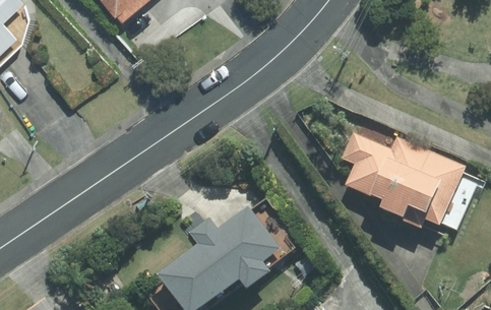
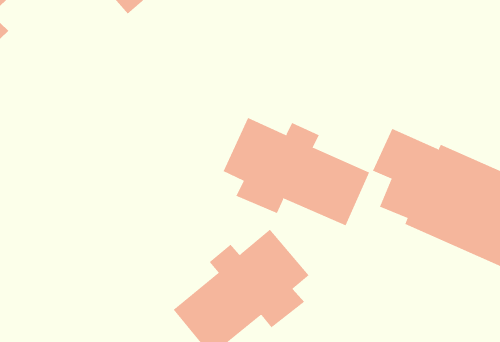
building: none -> [223,117,370,226]

